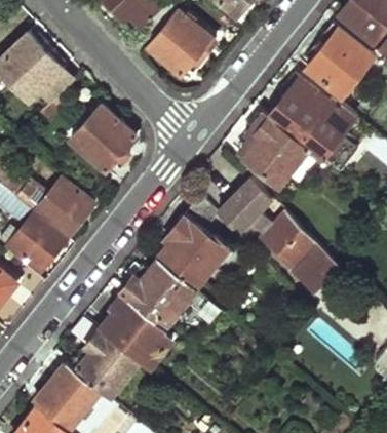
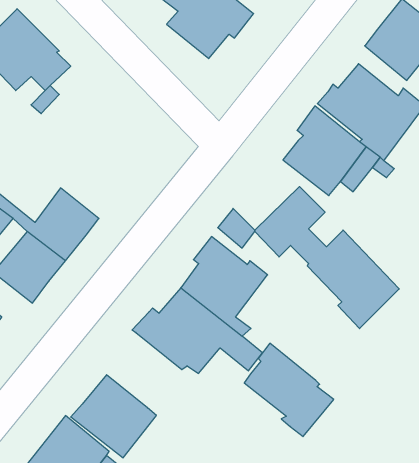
building: [69,101,137,171] -> none
building: [103,293,175,368] -> [244,343,334,437]

